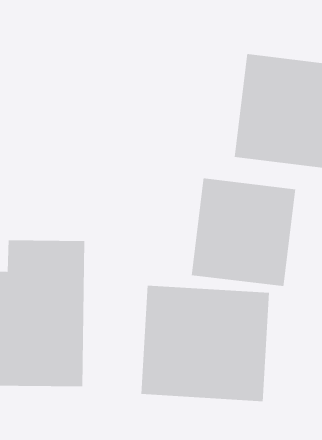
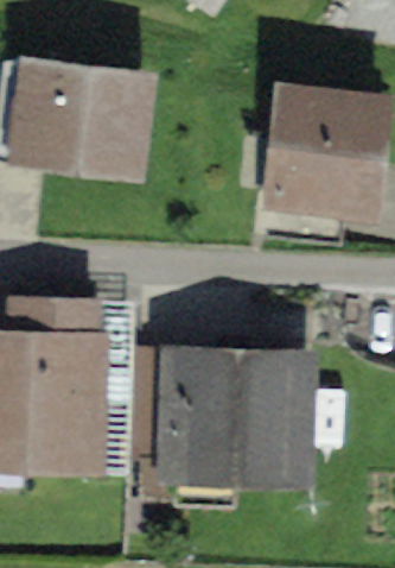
building: none -> [13,59,142,175]
building: [191,177,296,287] -> none

